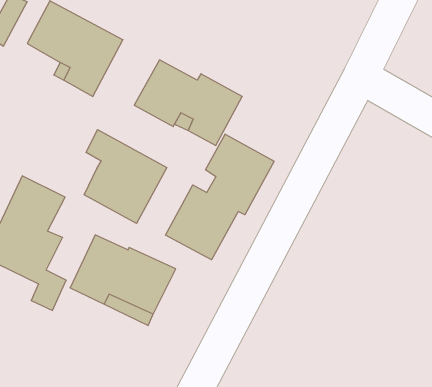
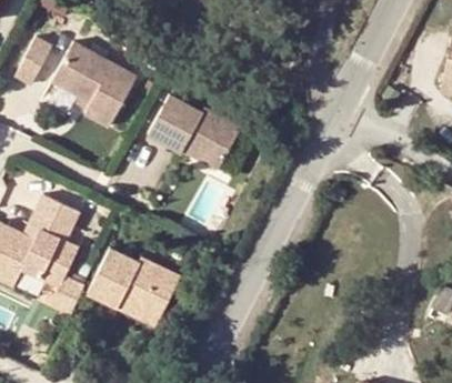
building: [84,130,167,223] -> none
building: [166,134,274,260] -> none

